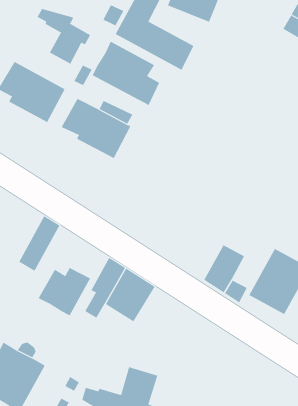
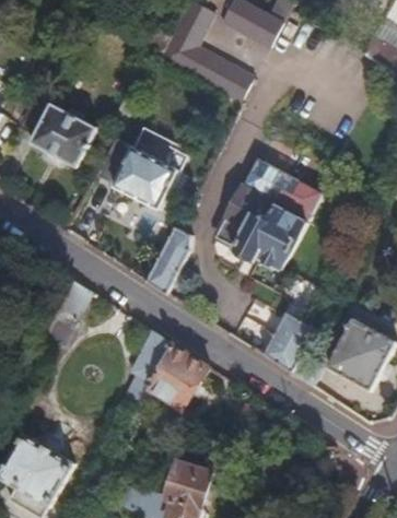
building: [37,8,91,64] -> none
building: [92,41,160,106] -> none
building: none -> [217,161,322,272]
building: none -> [147,225,191,293]
building: [38,267,91,316] -> none

